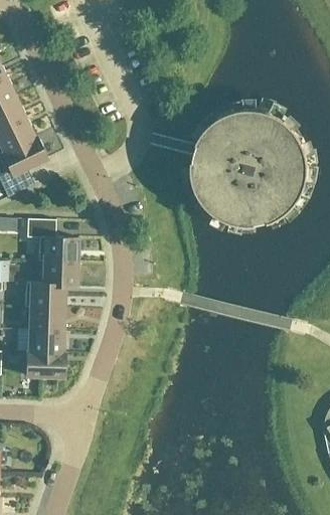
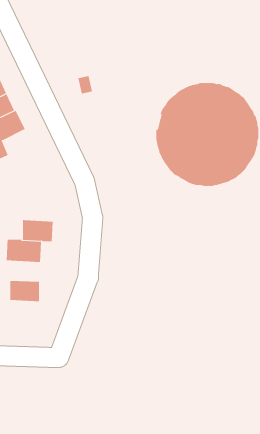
building: [27,219,78,263] -> none
building: [29,307,64,330] -> none
building: [27,351,64,377] -> none

